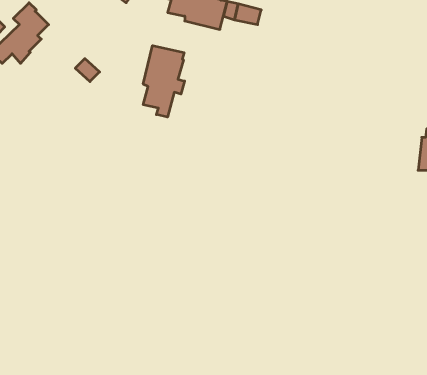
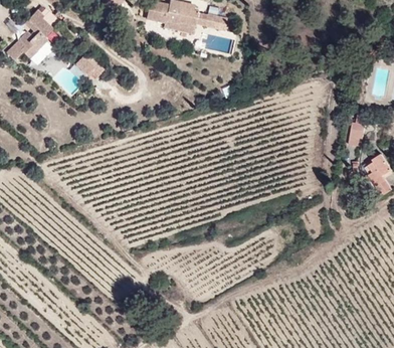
building: [143,46,185,117] -> none

